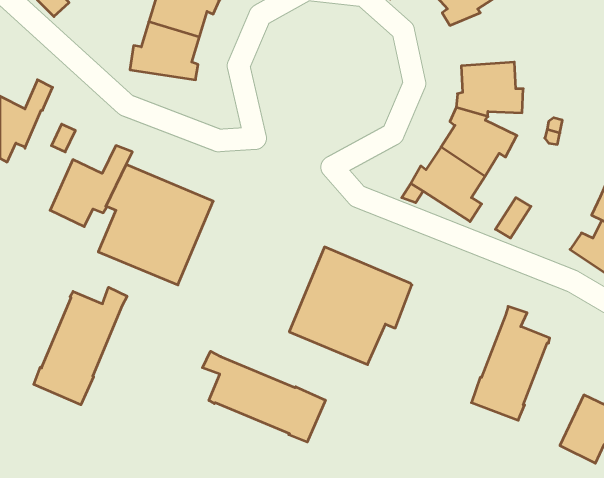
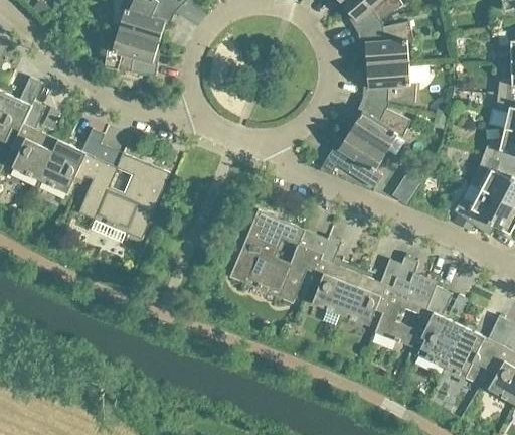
building: none -> [358,21,413,64]
building: none -> [11,100,58,179]
building: none -> [310,235,402,326]
building: [34,287,127,405] -> none
building: none -> [416,285,465,367]
building: [202,351,325,442] -> none

